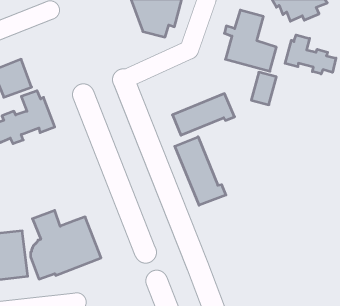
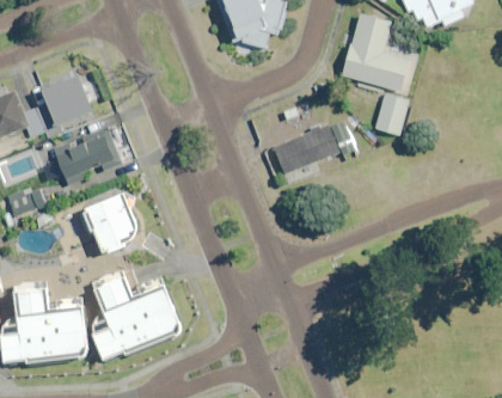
building: [285,35,336,74] -> none
building: [175,137,226,205] -> none
building: none -> [84,192,136,255]

